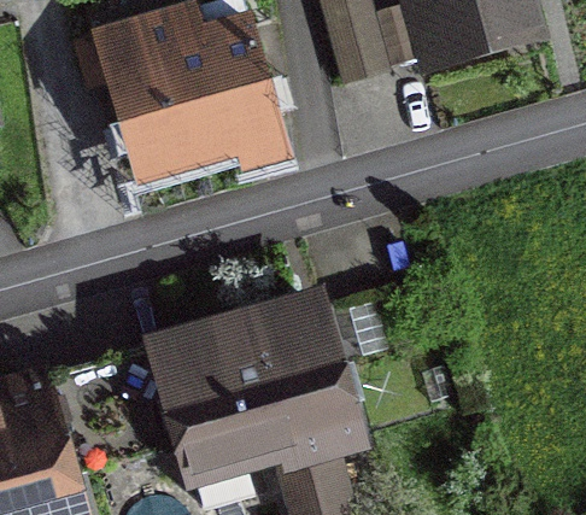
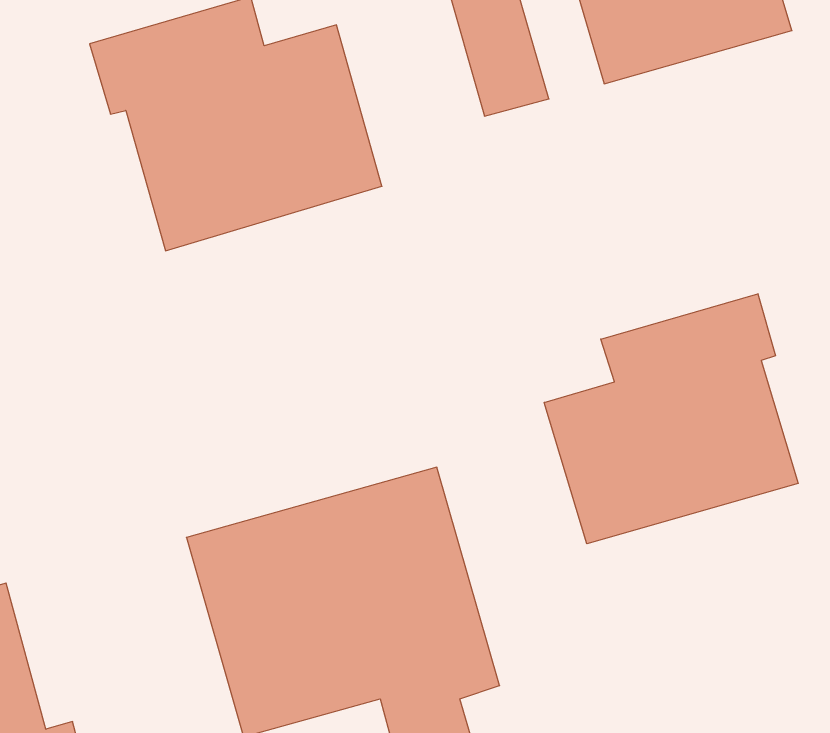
building: none -> [544,294,798,544]

